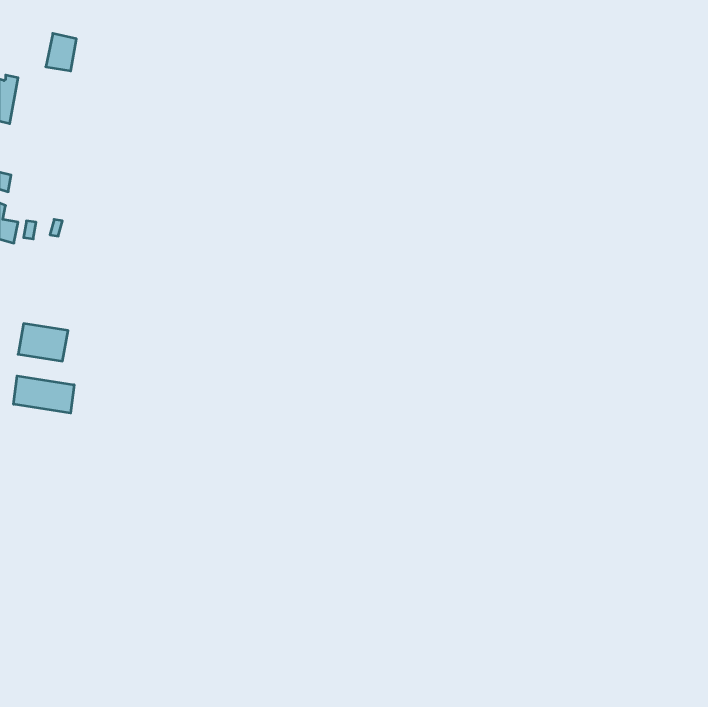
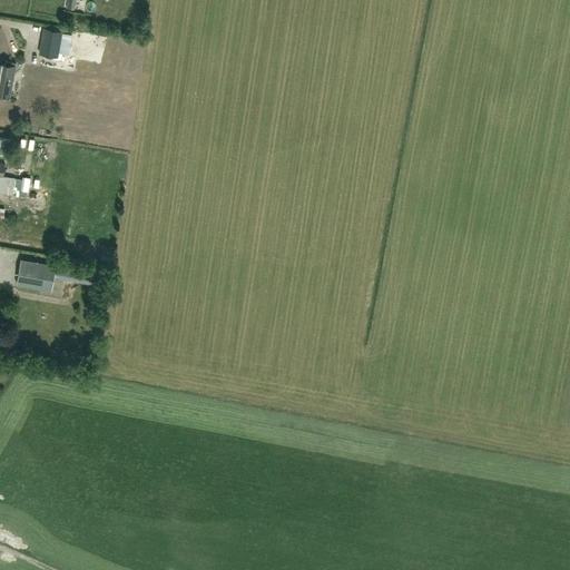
building: [14,376,74,413] -> none

